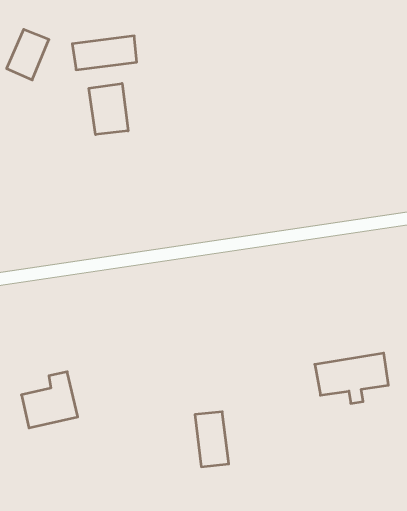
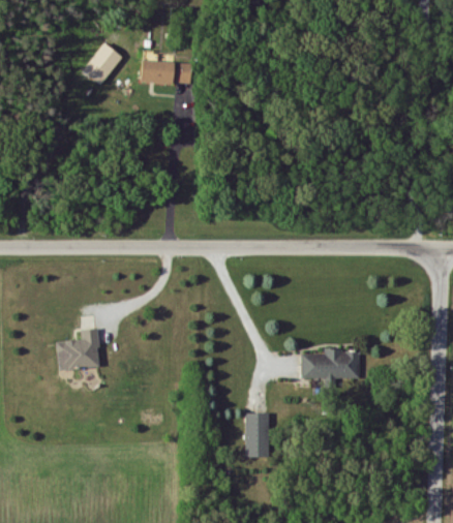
building: [89,83,128,135] -> none
building: [195,412,229,467] -> [245,413,269,458]

